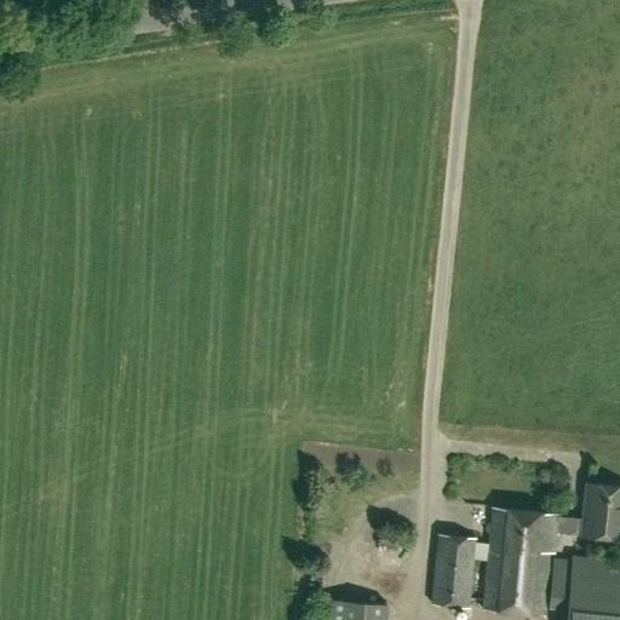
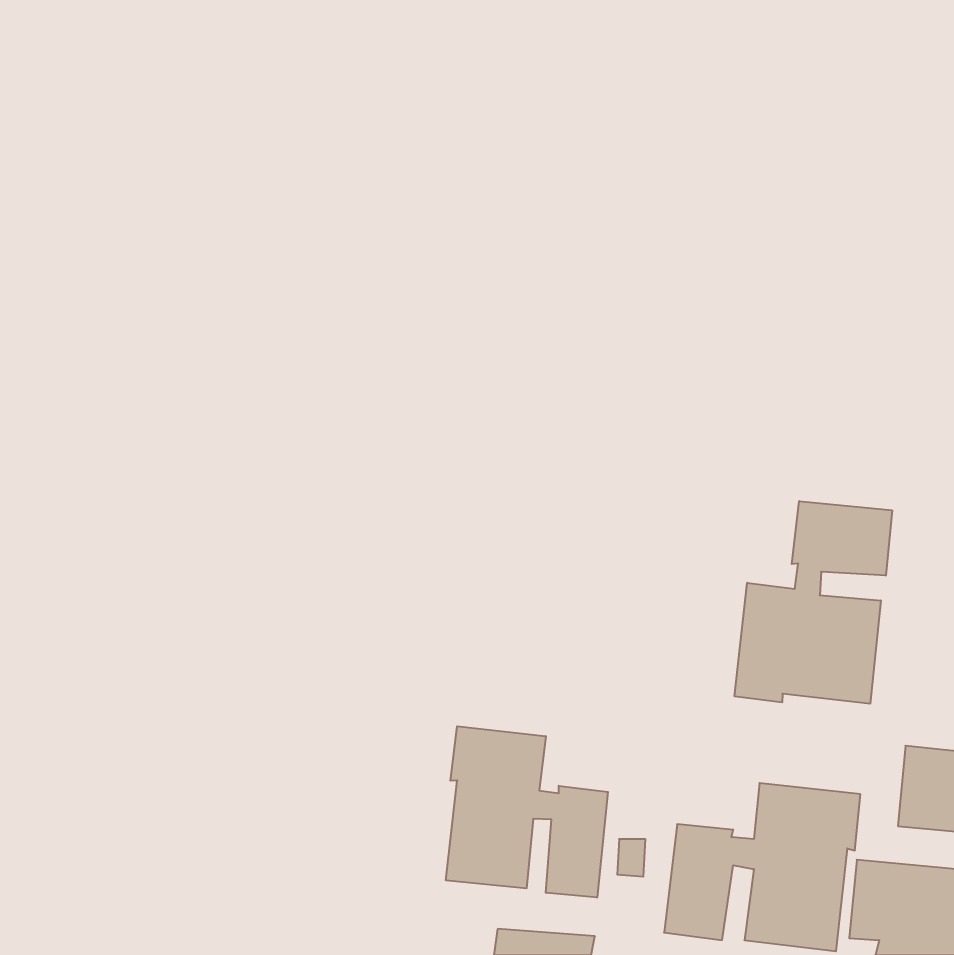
building: none -> [735,501,892,704]
building: none -> [446,726,608,898]

